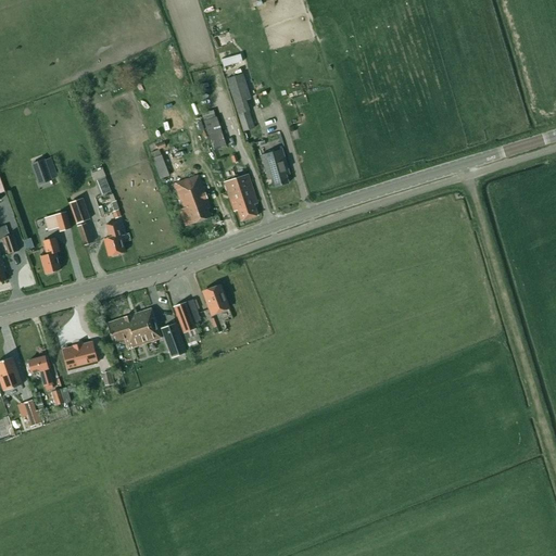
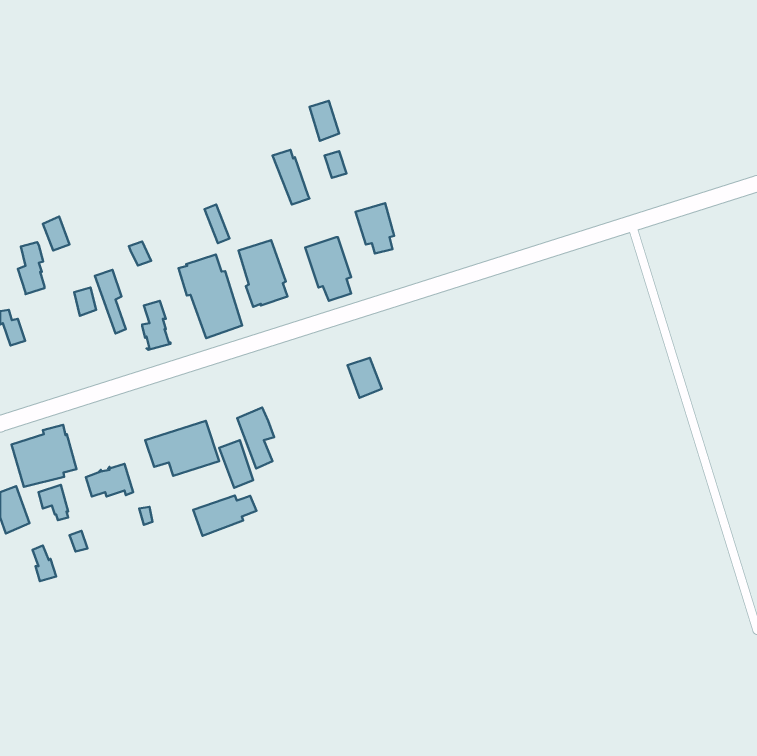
building: none -> [178,254,242,338]
building: [42,237,62,275] -> [18,242,45,294]
building: [203,285,228,314] -> [348,358,382,398]
building: none -> [11,425,76,487]
building: none -> [193,495,257,536]

